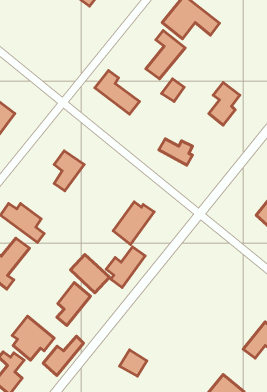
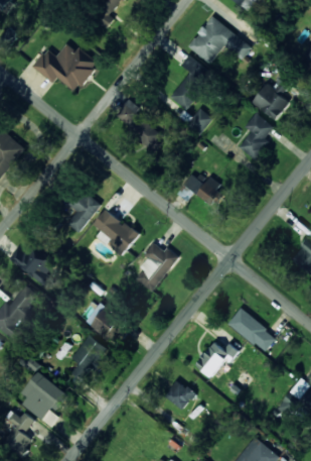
building: none -> [32,44,98,93]
building: none -> [252,73,293,120]
building: none -> [94,210,139,256]
building: [106,247,145,287] -> none
building: none -> [227,309,276,353]
building: none -> [195,342,237,379]
building: [43,336,84,375] -> none
building: [119,350,147,376] -> [164,380,194,410]

